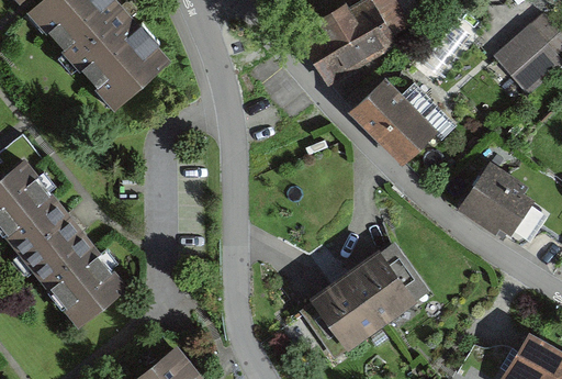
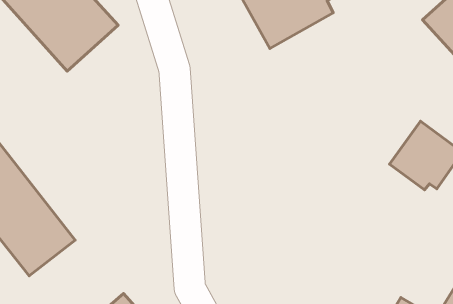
building: [352,79,436,163] -> none
building: [315,241,423,342] -> none

